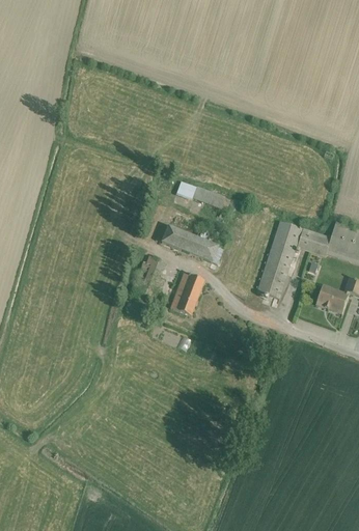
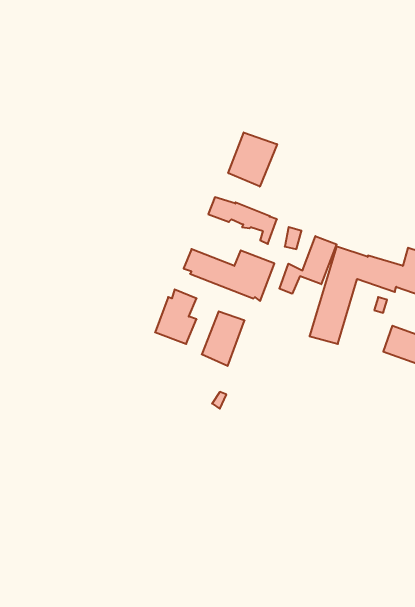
building: none -> [228,132,277,187]
building: none -> [279,236,337,294]

